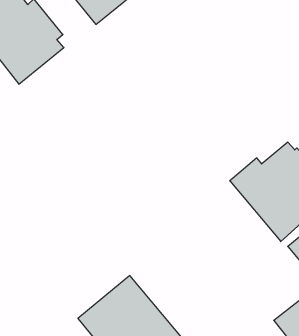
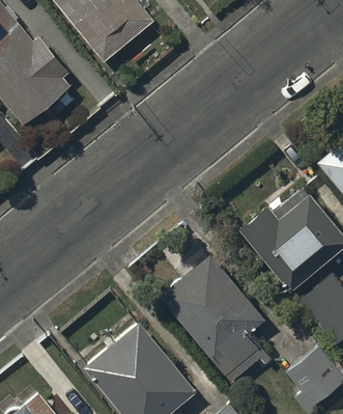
building: none -> [162,254,266,381]

